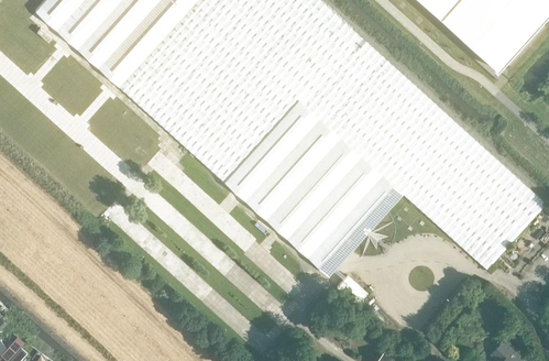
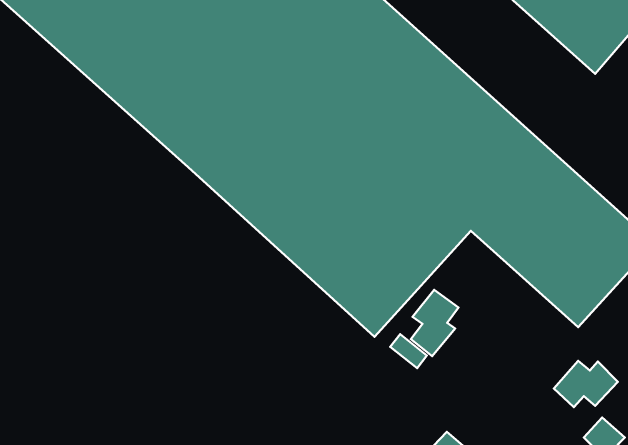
building: none -> [411,290,458,356]
building: none -> [554,361,618,407]

